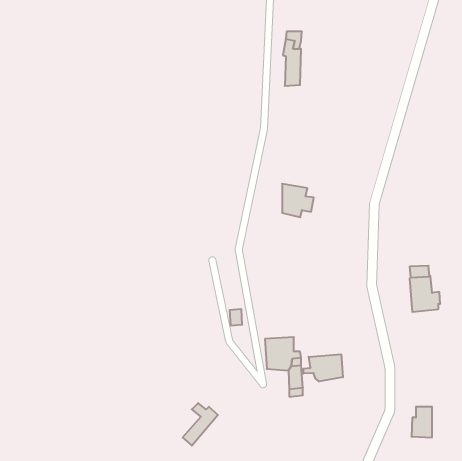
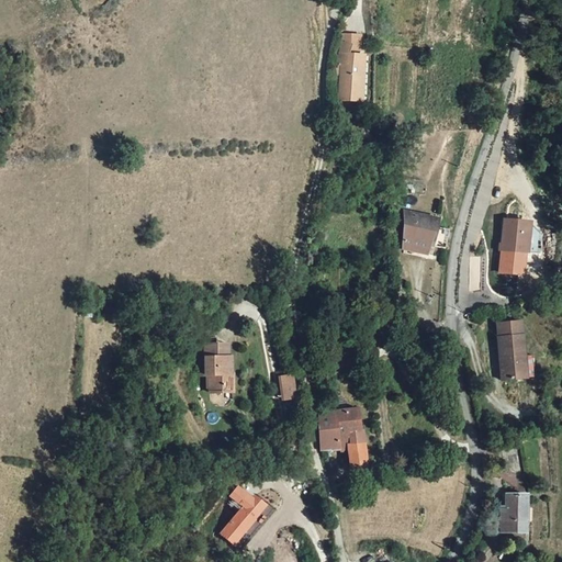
building: none -> [498,220,527,274]
building: [282,184,314,217] -> [409,212,448,252]
building: none -> [205,344,235,390]
building: [303,354,343,382] -> none

